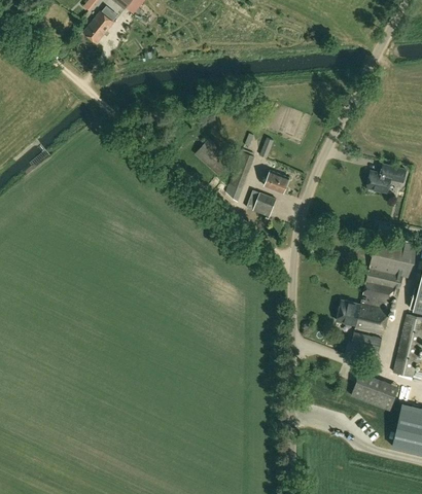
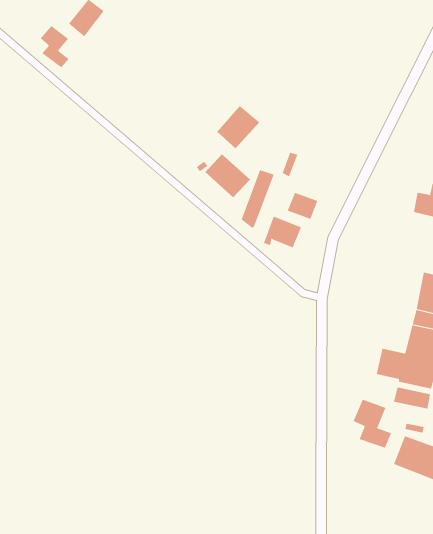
building: none -> [40,25,69,68]
building: none -> [216,105,260,149]
building: none -> [353,399,392,449]

